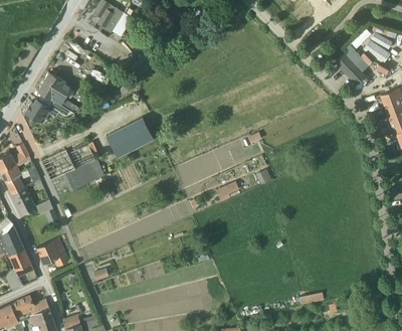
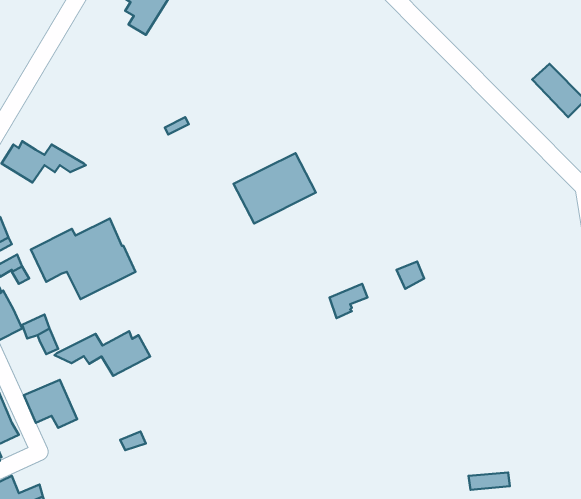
building: [37,72,76,112] -> none
building: [106,117,154,158] -> [234,153,316,223]
building: none -> [55,331,150,376]

